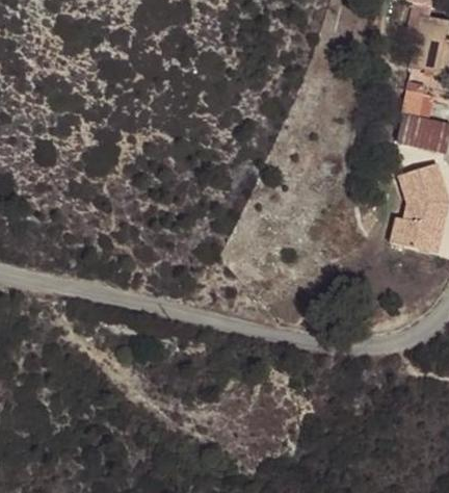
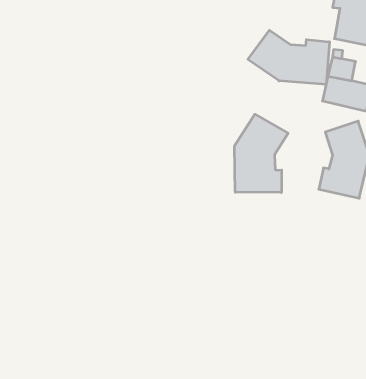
building: none -> [248,30,329,84]
building: none -> [235,114,288,193]

